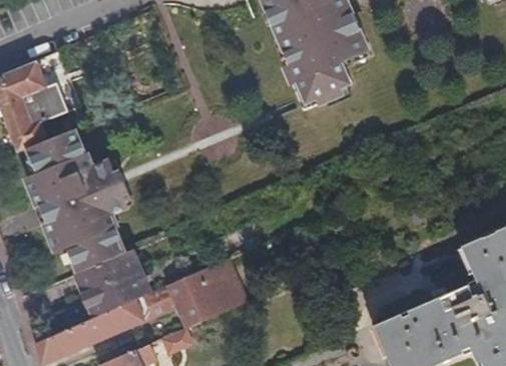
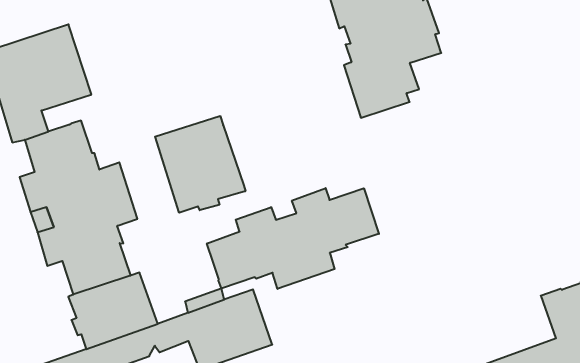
building: none -> [155,116,245,213]
building: none -> [207,188,379,289]

